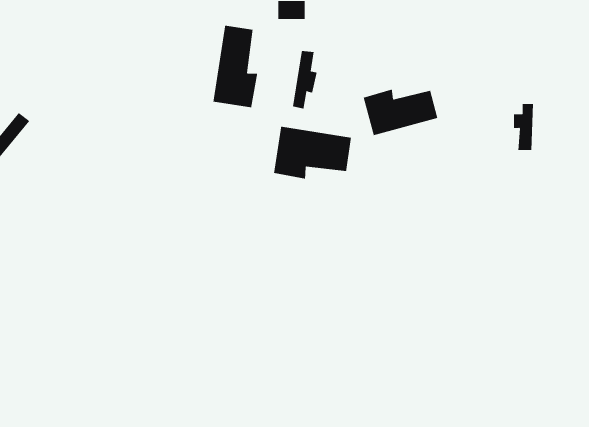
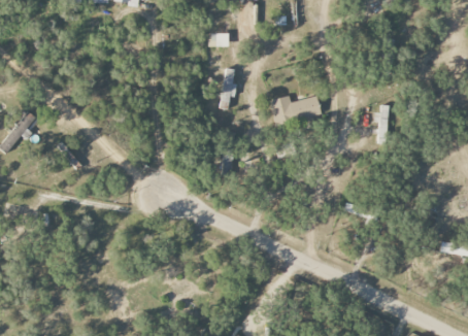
building: [213,25,258,108] -> none
building: [273,126,352,180] -> none

